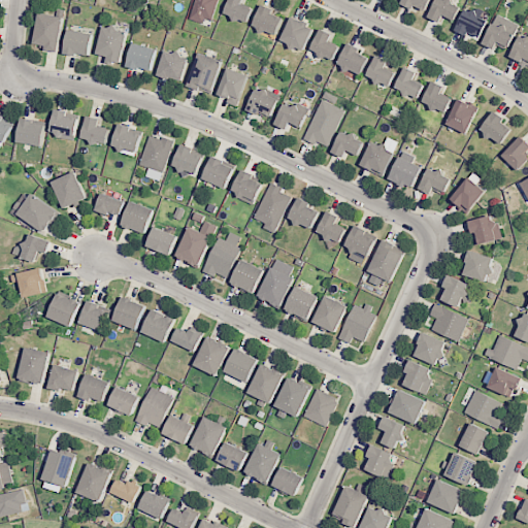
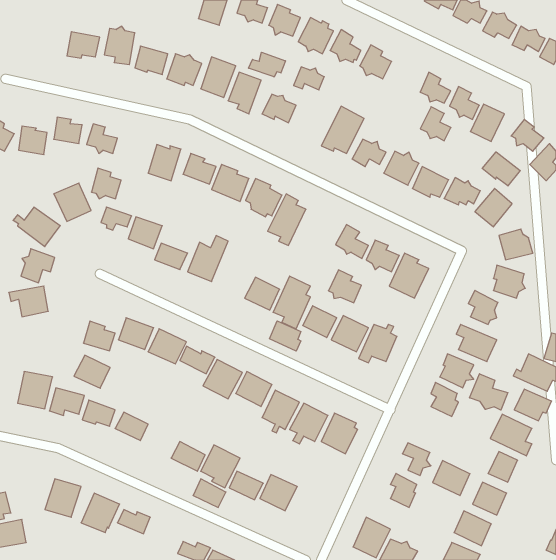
building: [34,14,62,50] -> none
building: none -> [249,52,285,77]
building: [366,54,395,86] -> [420,107,451,141]
building: [277,104,306,126] -> [294,67,324,90]
building: [112,123,140,152] -> [91,168,121,199]
building: none -> [482,152,520,186]
building: [289,197,320,228] -> [328,270,361,303]
building: [201,238,239,277] -> none
building: [45,296,79,327] -> [74,355,110,388]
building: none -> [269,321,301,351]
building: none -> [470,374,508,410]
building: [133,390,171,428] -> none
building: [390,391,425,424] -> [433,461,470,496]
building: [271,469,301,495] -> none
building: [138,492,169,519] -> [193,479,226,507]

